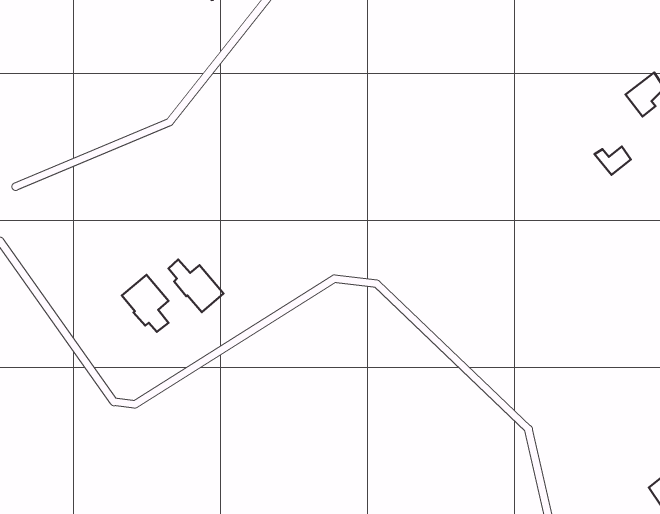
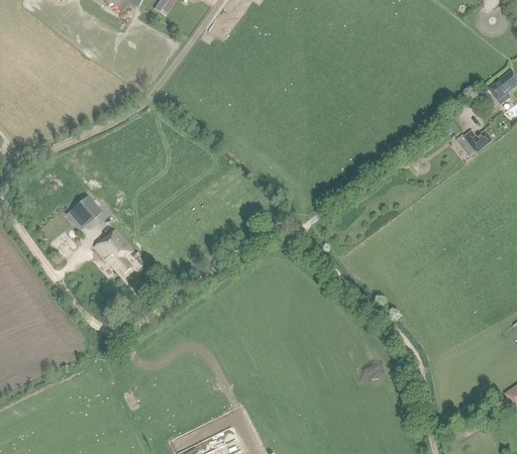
building: none -> [73,197,101,225]
building: [168,259,224,312] -> none

